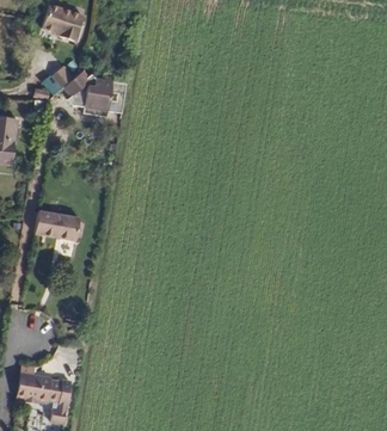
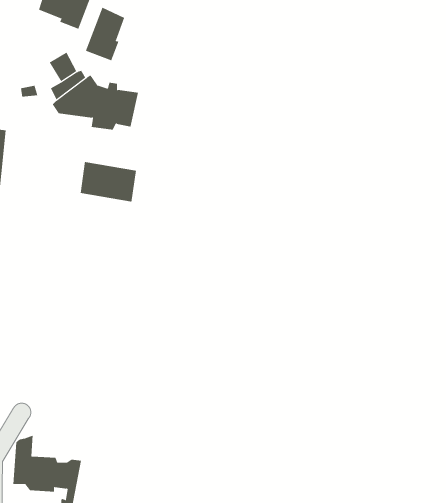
building: none -> [85,7,125,61]
building: [32,205,78,238] -> [80,162,137,202]

